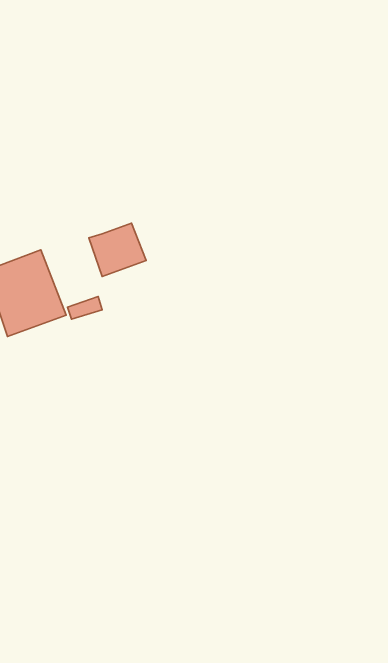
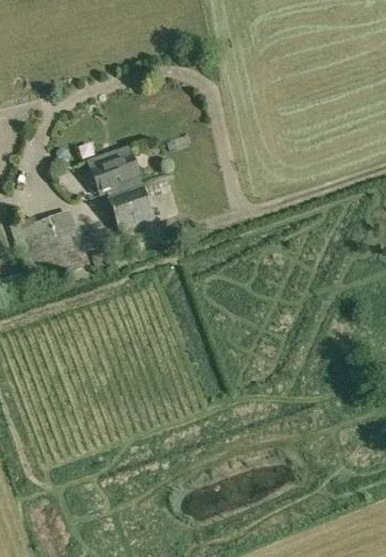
building: none -> [90,152,142,193]

